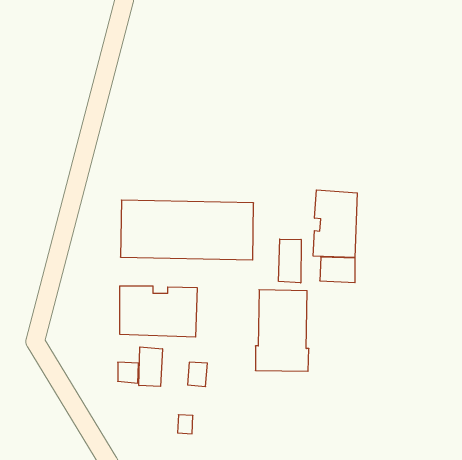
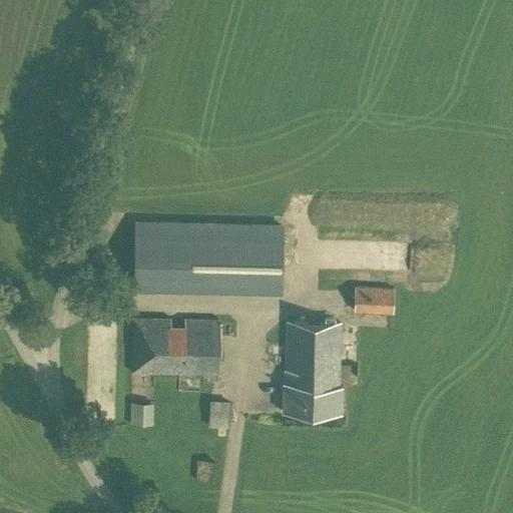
building: [313,190,357,258] -> none
building: [279,239,301,283] -> none
building: [139,347,162,386] -> none

